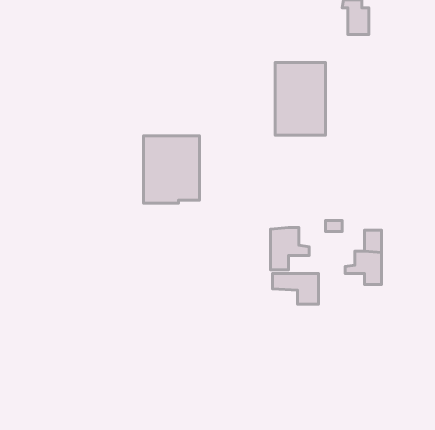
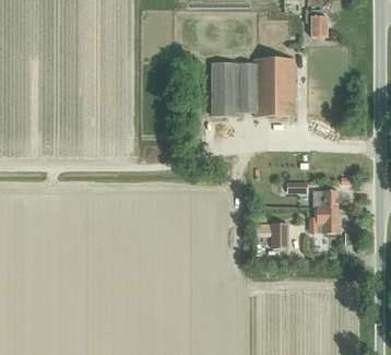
building: [144,136,199,203] -> [211,62,254,115]
building: [270,227,309,270] -> none

